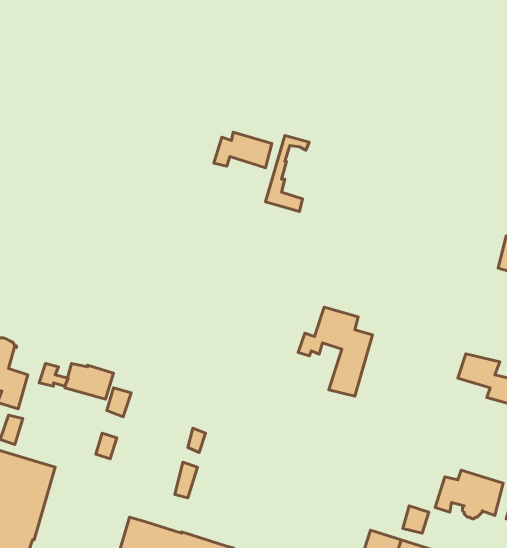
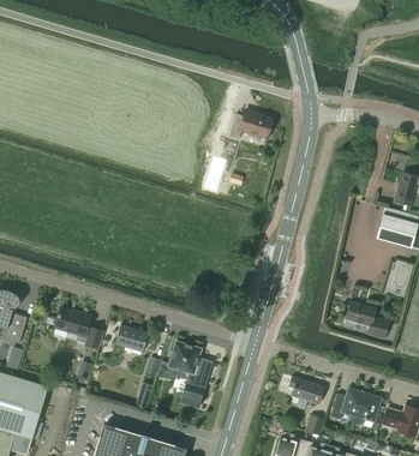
building: [214,132,272,168] -> [229,110,273,137]
building: [298,307,373,396] -> [156,342,211,408]
building: none -> [114,325,146,352]
building: none -> [288,377,323,409]

